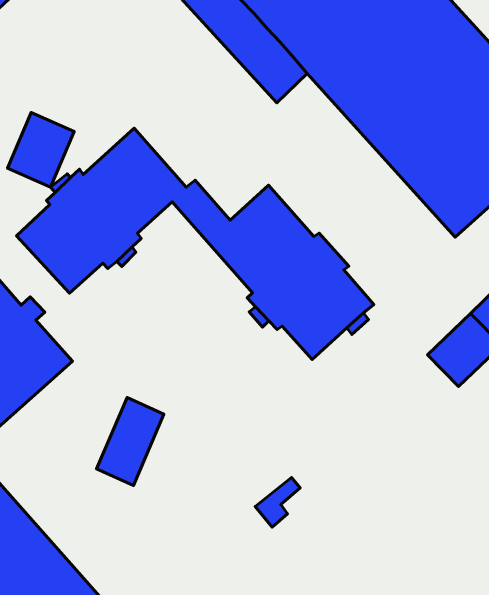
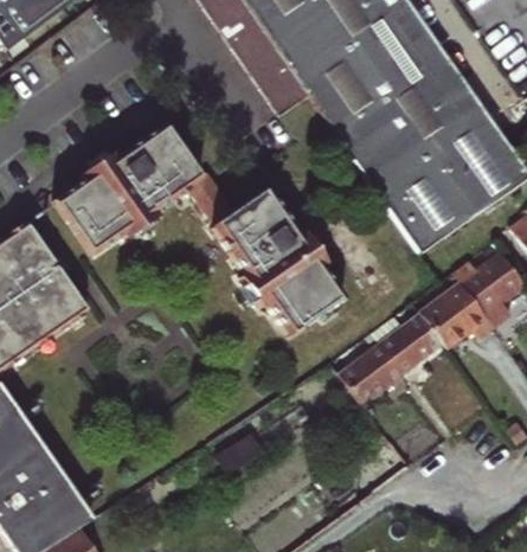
building: [7,113,74,187] -> none
building: none -> [342,341,405,402]
building: [97,398,164,485] -> none

